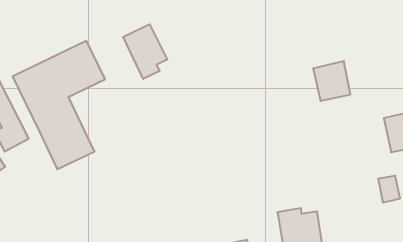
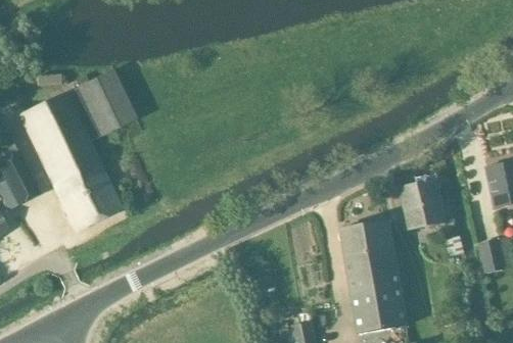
building: [123,24,167,79] -> none
building: [313,61,350,101] -> [399,179,446,229]
building: none -> [340,219,401,288]

